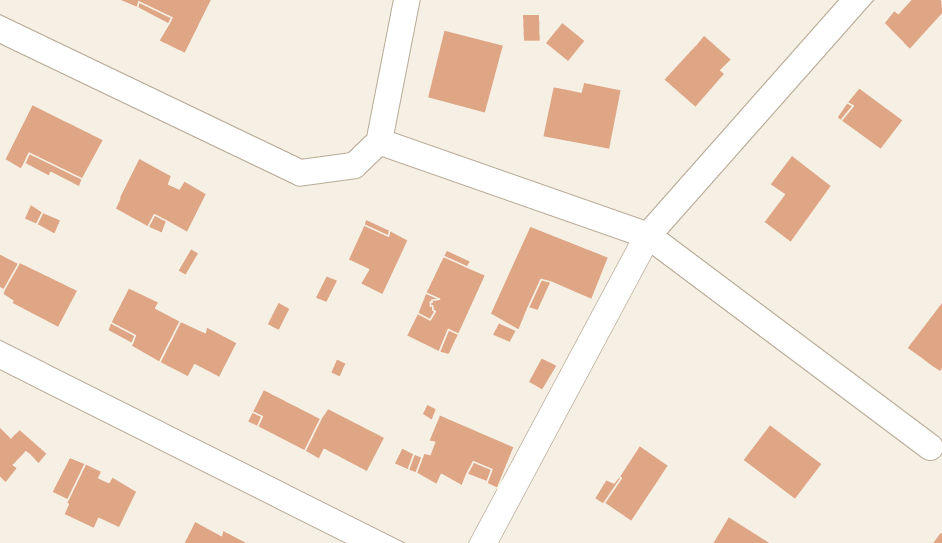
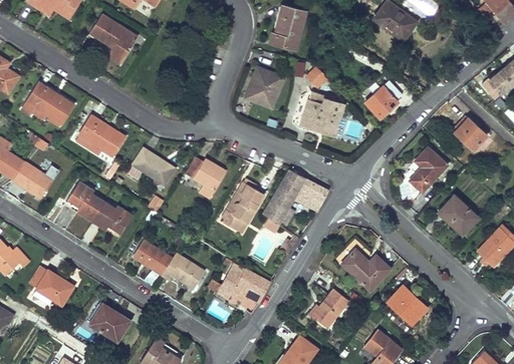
building: none -> [127,148,175,185]
building: none -> [439,196,478,235]
building: none -> [341,249,391,291]

